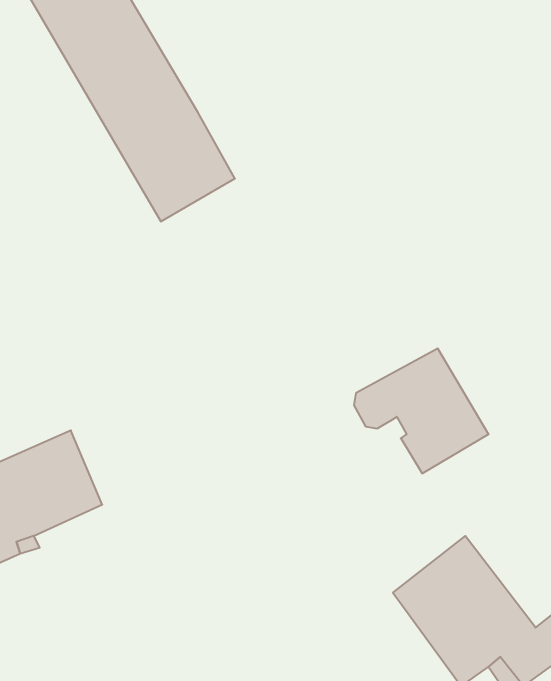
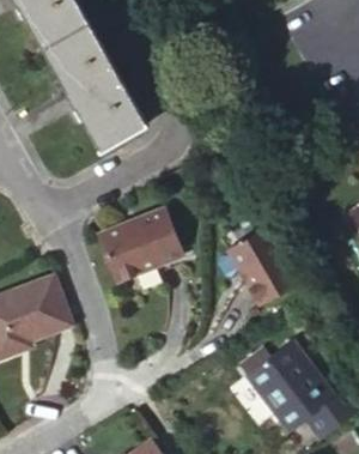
building: none -> [95,204,180,278]

